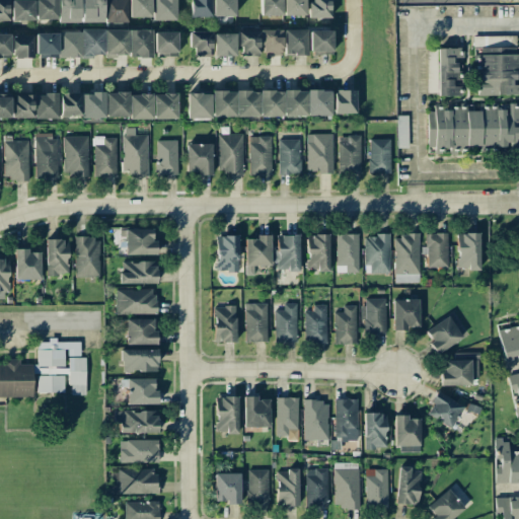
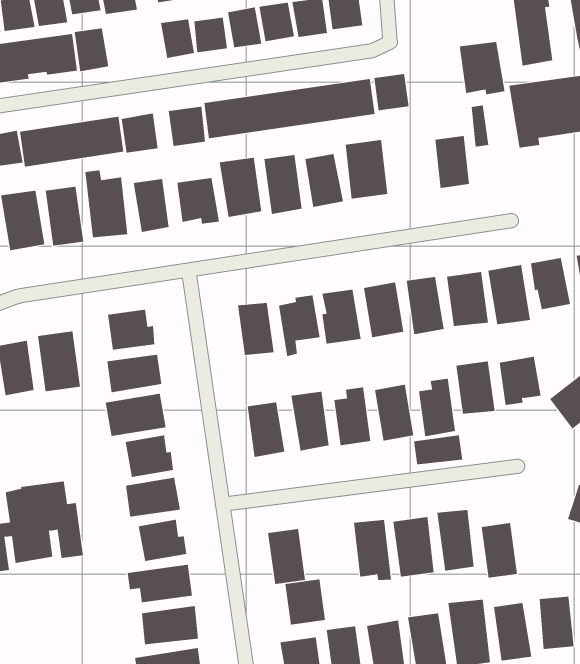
building: [155,32,178,57] -> none
building: none -> [459,41,505,95]
building: [340,136,363,173] -> none
building: none -> [413,435,463,465]
building: [245,397,271,427] -> [284,579,326,625]
building: [397,415,421,452] -> none

